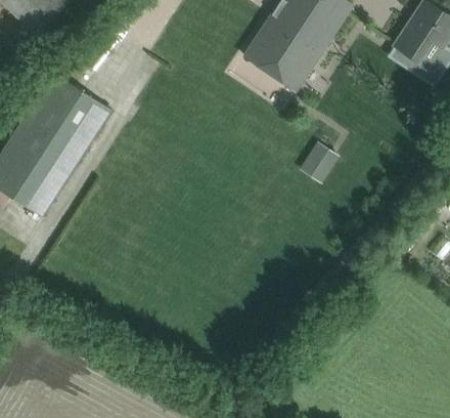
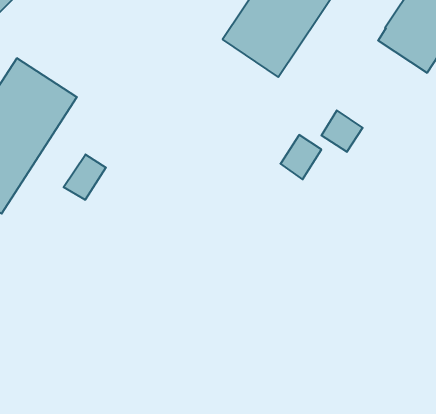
building: none -> [321,110,363,152]
building: none -> [64,154,106,200]

